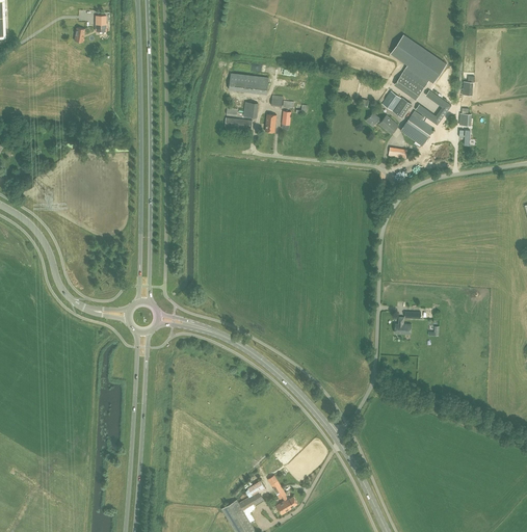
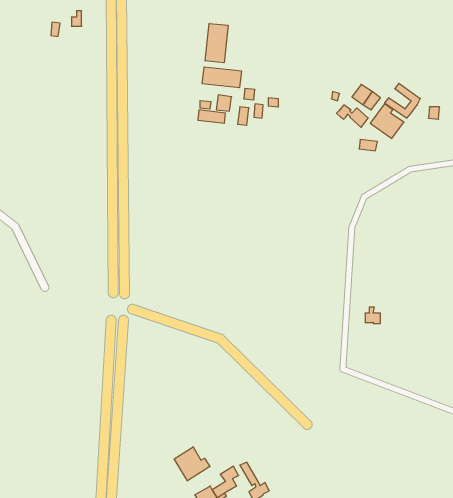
building: none -> [205,23,228,63]
building: [390,34,445,98] -> none
building: none -> [174,447,210,481]

